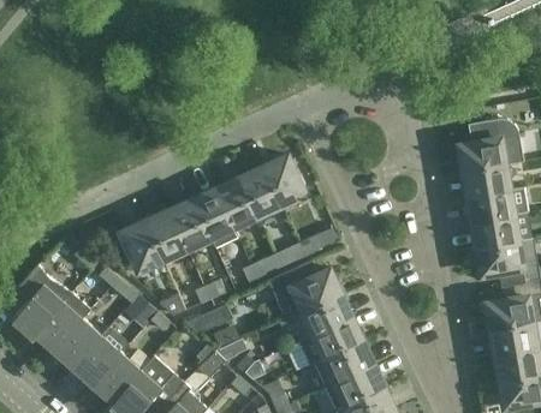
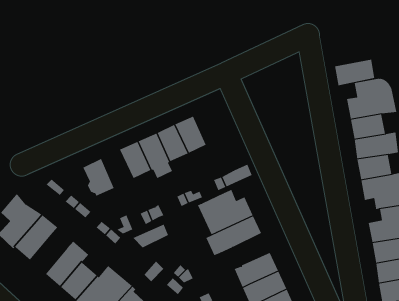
building: none -> [335,59,375,86]
building: [262,156,304,204] -> none
building: [144,210,185,259] -> none
building: [297,317,361,366] -> none
building: [53,319,100,369] -> none

